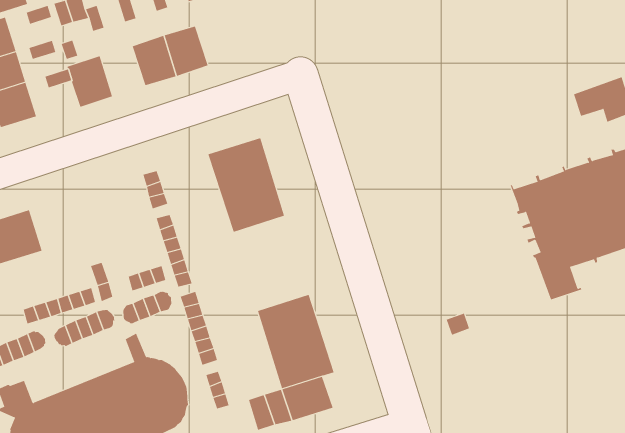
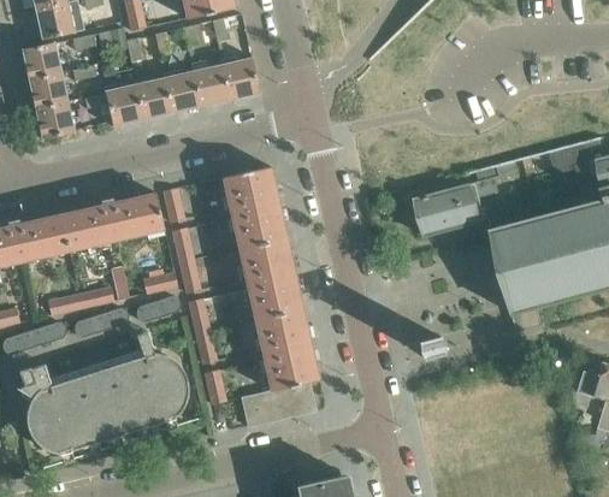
building: none -> [221,55,260,99]
building: none -> [135,76,172,119]
building: none -> [413,159,521,235]
building: none -> [61,191,165,250]
building: none -> [240,237,302,319]

